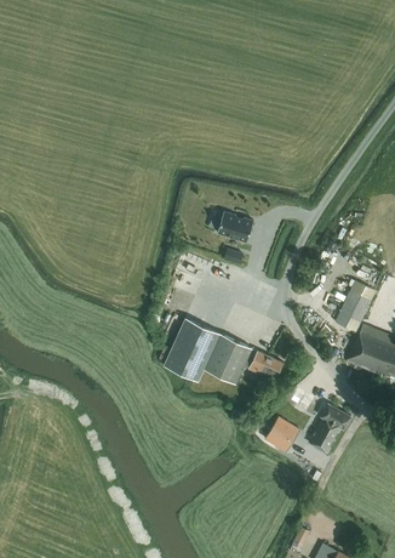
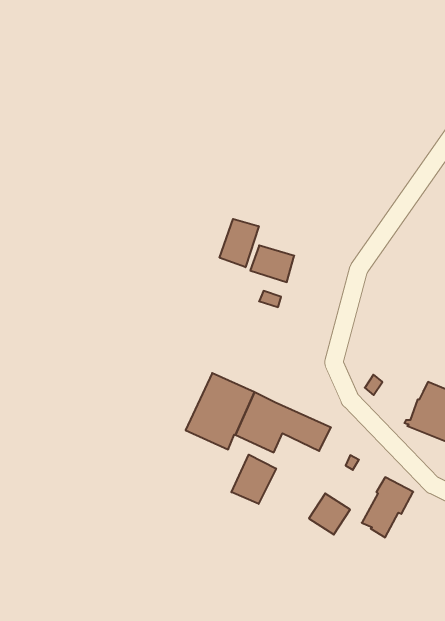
building: none -> [220,219,259,267]
building: [334,291,370,332] -> none
building: none -> [231,455,276,504]

